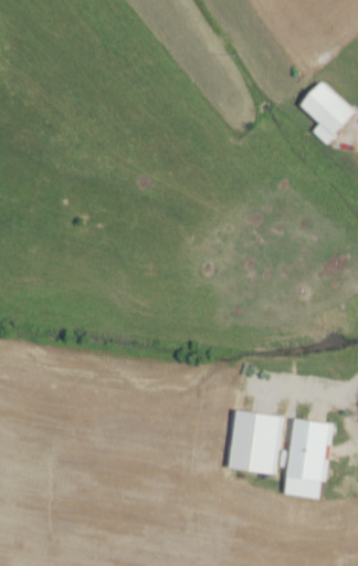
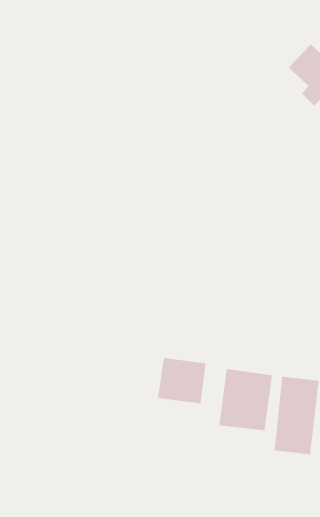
building: none -> [157,357,206,404]

